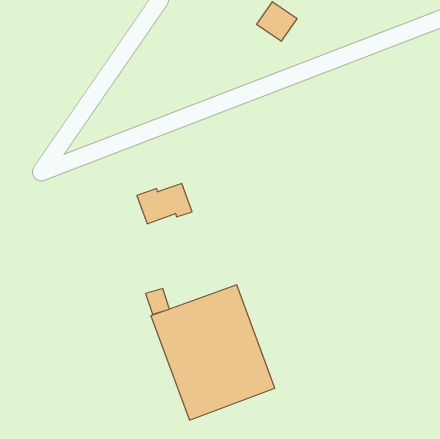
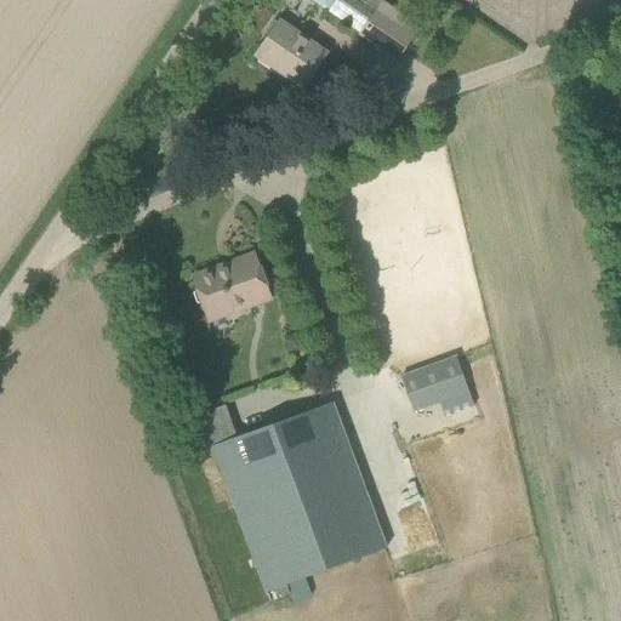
building: none -> [257,19,326,86]
building: none -> [401,354,469,411]

